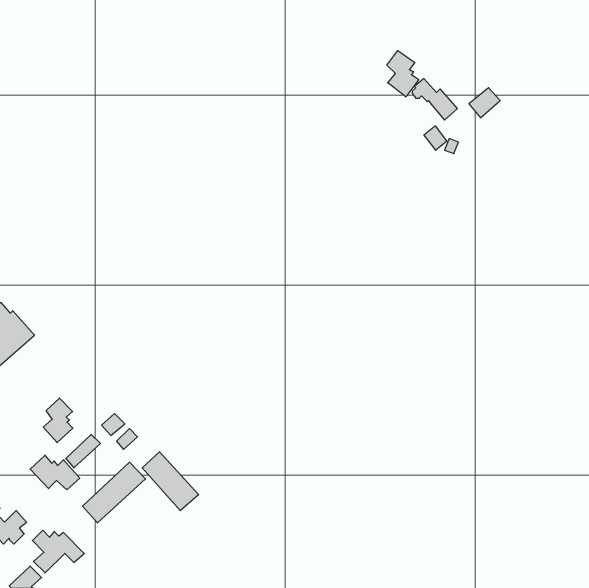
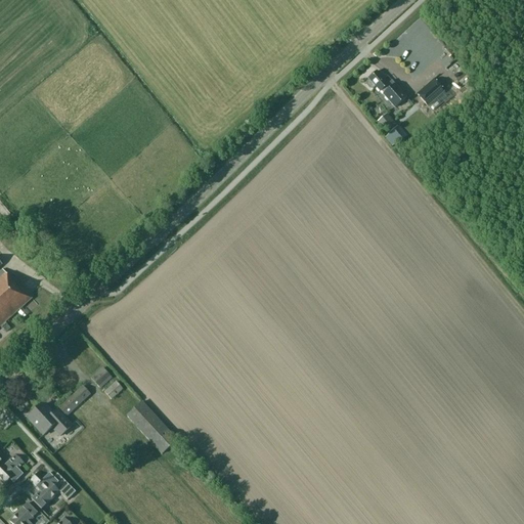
building: [387,51,419,97] -> none
building: [43,398,73,443] -> none
building: [82,462,146,523] -> none

